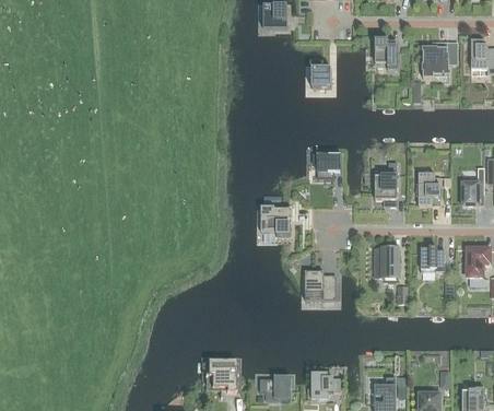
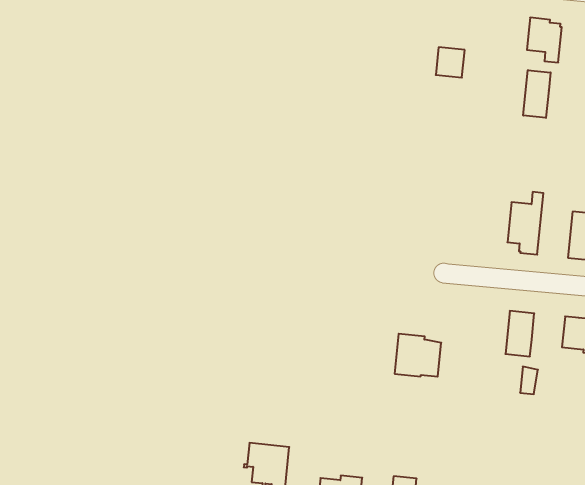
building: none -> [523,70,551,118]
building: [313,153,341,178] -> none
building: [261,206,292,234] -> none

